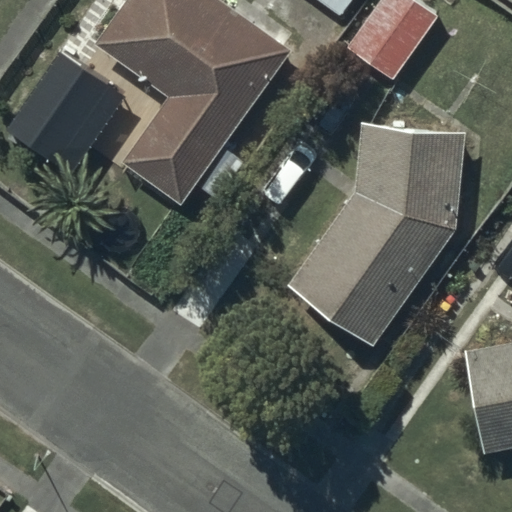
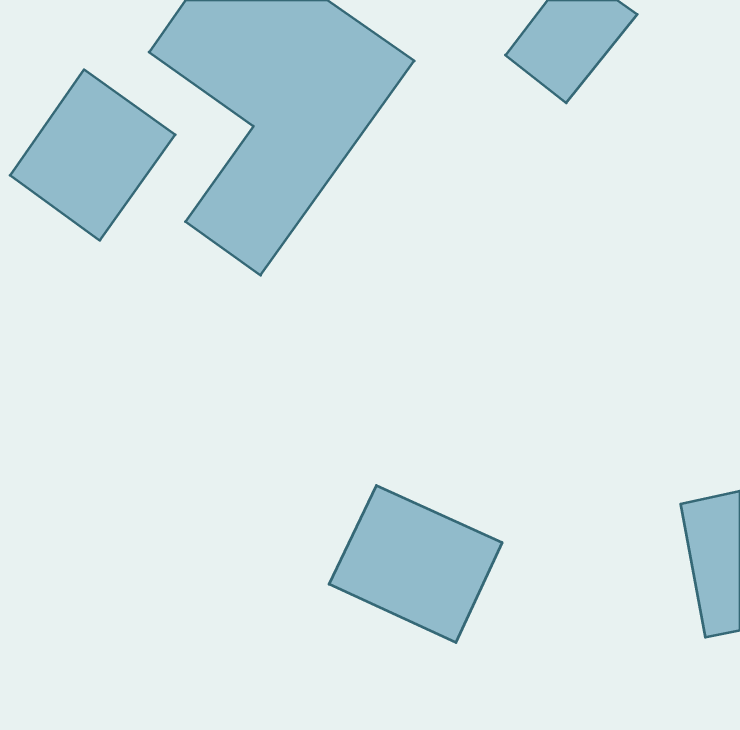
building: [295,128,459,335] -> none
building: none -> [329,485,502,643]

